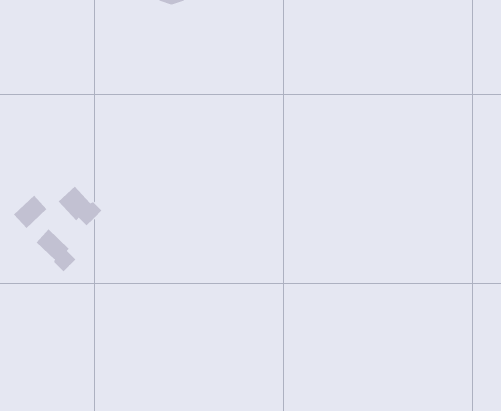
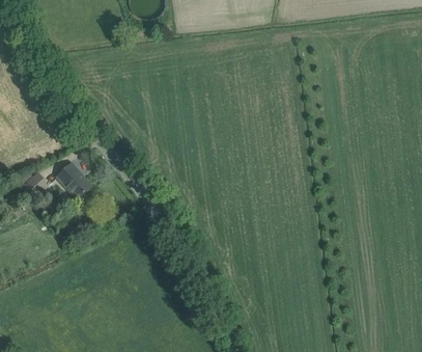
building: [36,229,76,272] -> none

